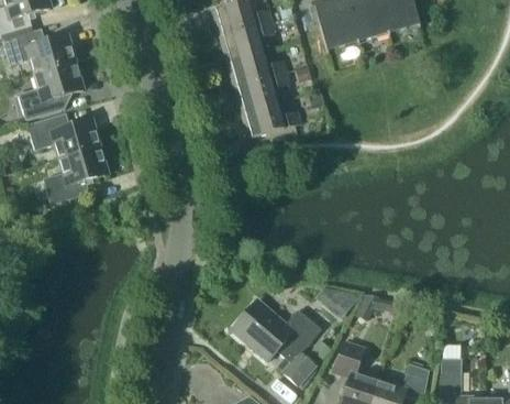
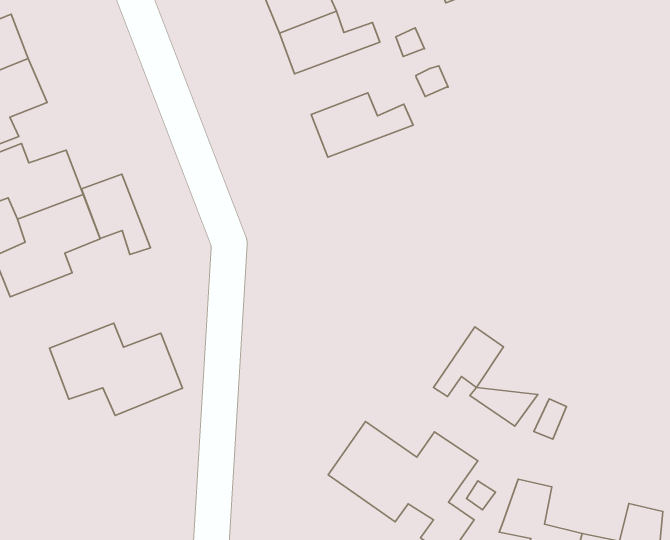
building: [233,72,289,111] -> none
building: none -> [81,174,151,255]
building: none -> [50,323,182,416]
building: none -> [434,327,503,397]

